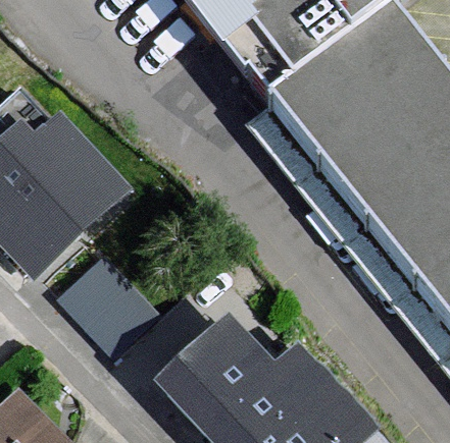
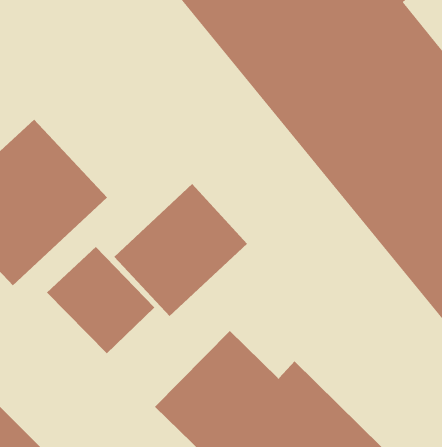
building: none -> [114,183,248,317]

